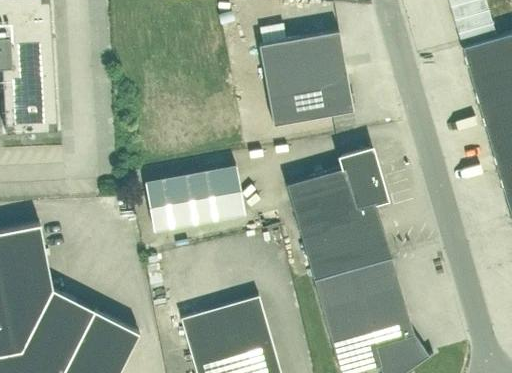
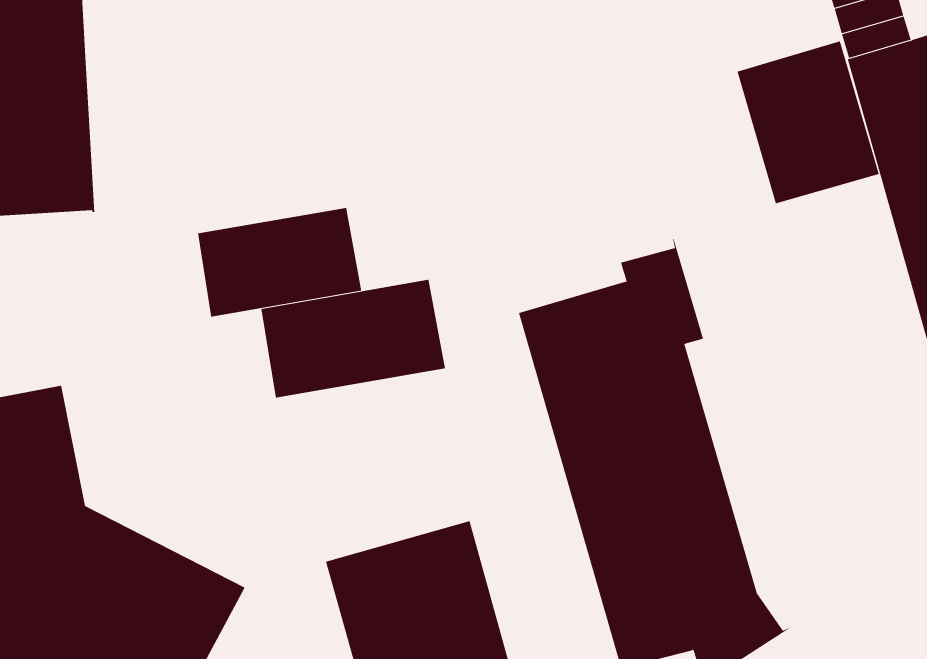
building: [259,30,353,125] -> none
building: none -> [737,40,880,204]
building: none -> [197,207,362,317]

